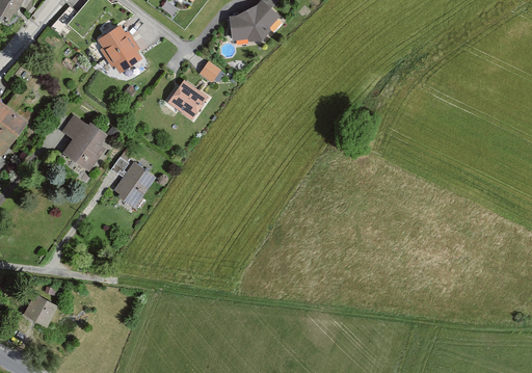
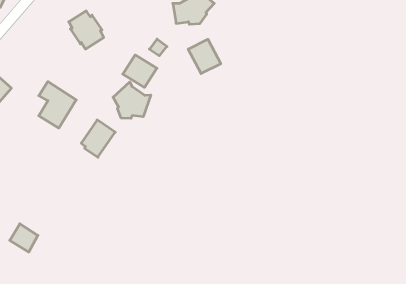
building: none -> [188,39,221,74]
building: none -> [113,82,151,118]

